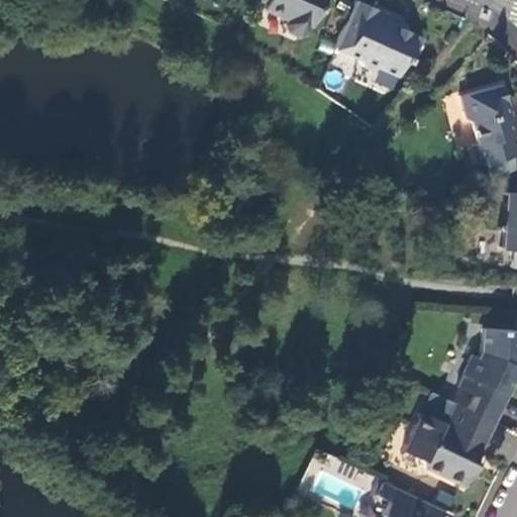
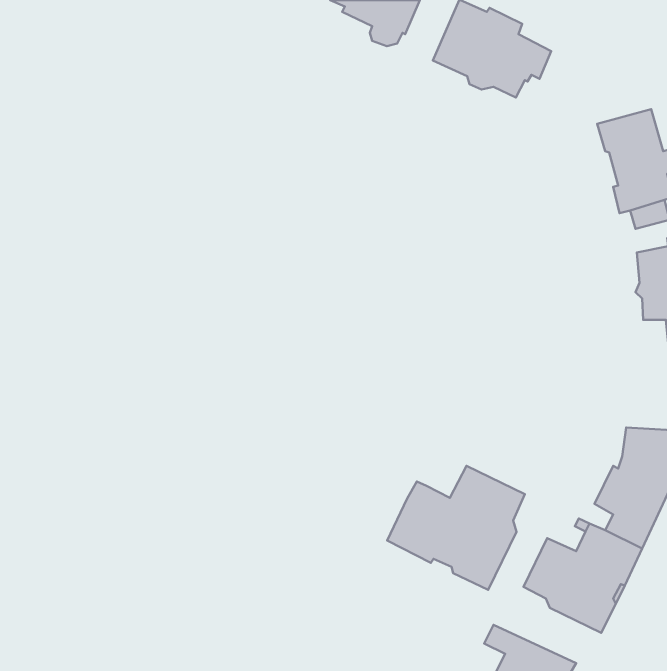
building: none -> [387,466,525,590]

